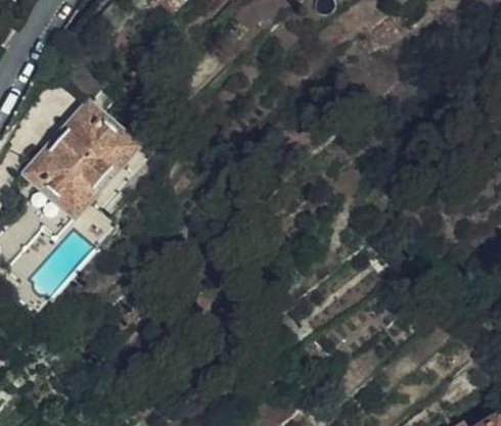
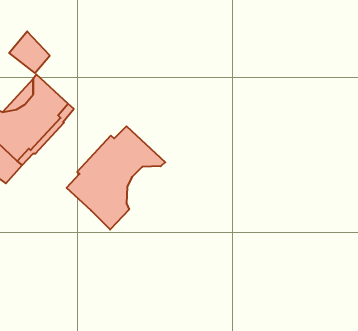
building: none -> [67,126,165,230]

